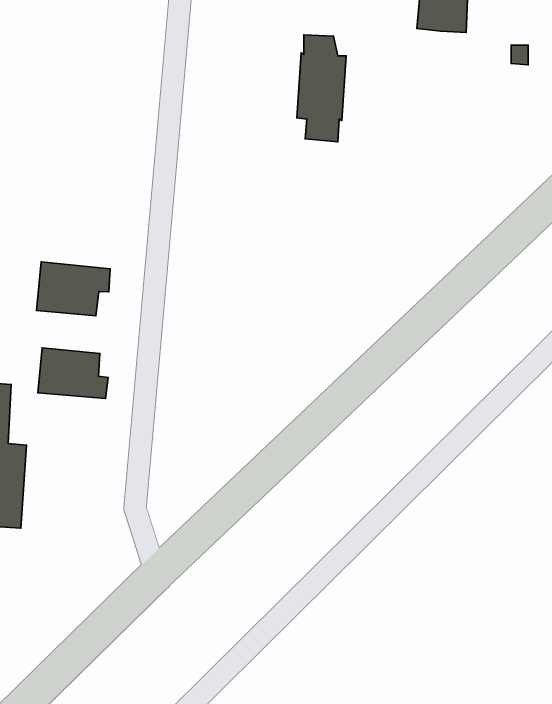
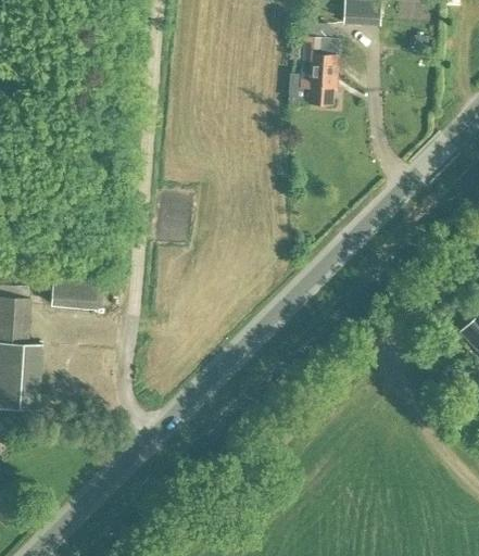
building: [297,35,346,142] -> [301,23,339,105]
building: [37,262,110,316] -> none

